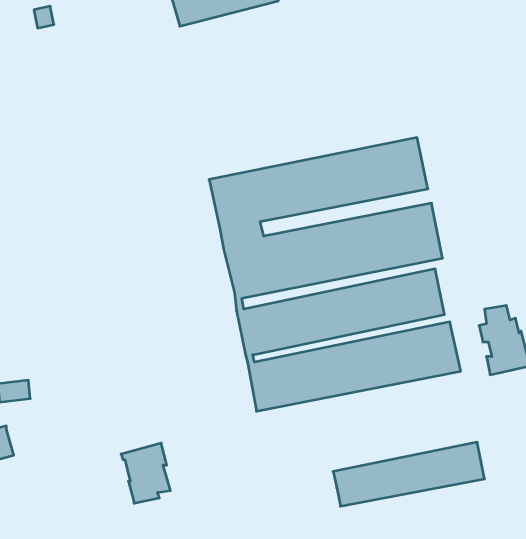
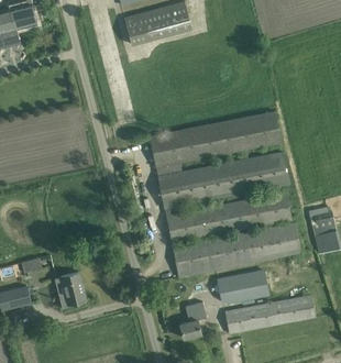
building: none -> [217,270,266,304]
building: [121,443,170,503] -> [54,272,84,308]
building: none -> [179,301,206,338]

